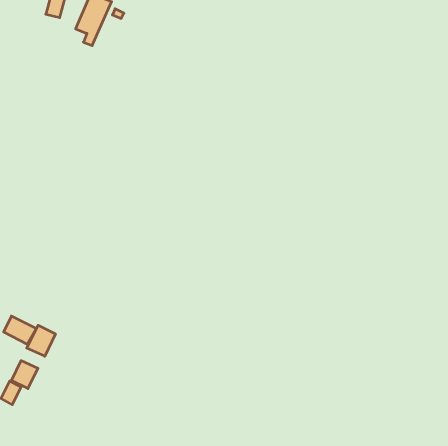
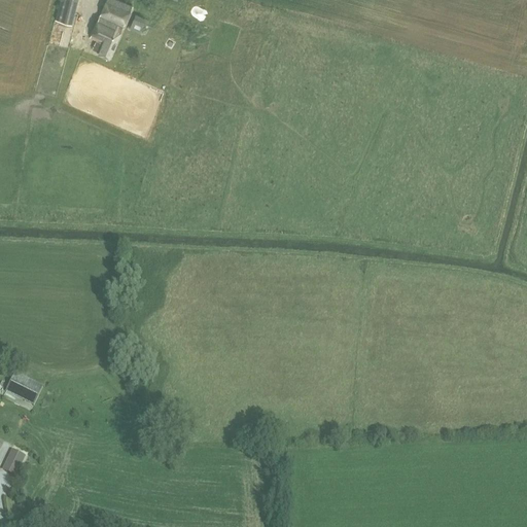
building: [27,325,55,356] -> none
building: [12,361,38,389] -> none

